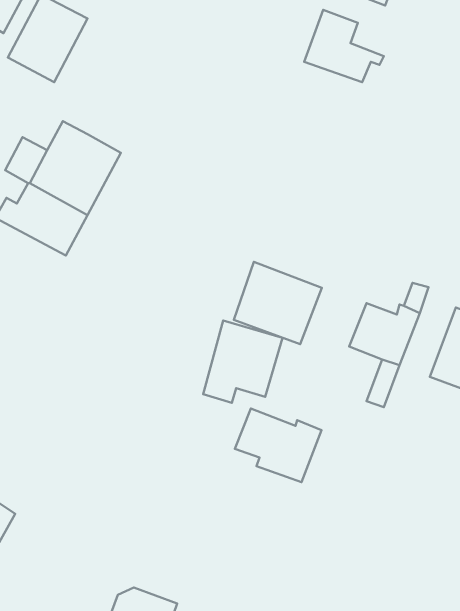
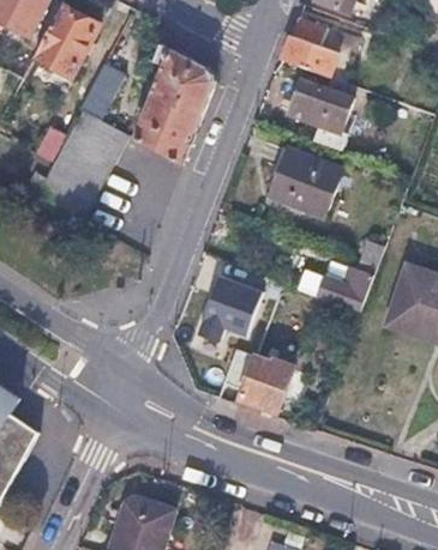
building: none -> [133,48,214,164]
building: none -> [79,61,125,120]
building: none -> [288,80,352,132]
building: [234,262,322,344] -> [269,147,342,216]

